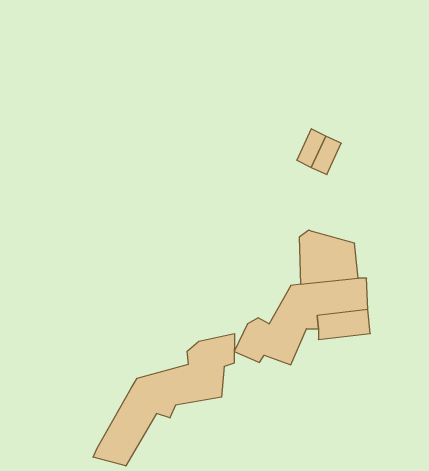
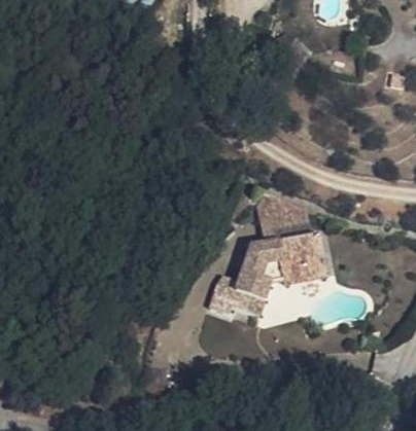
building: [93,334,235,466] -> none

